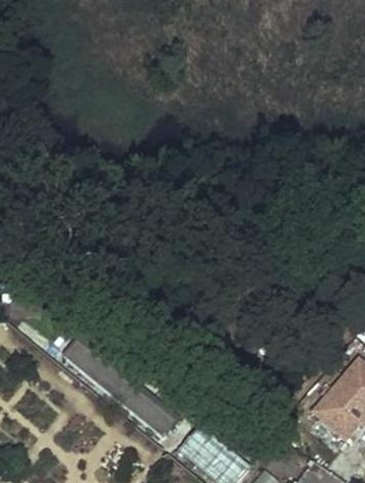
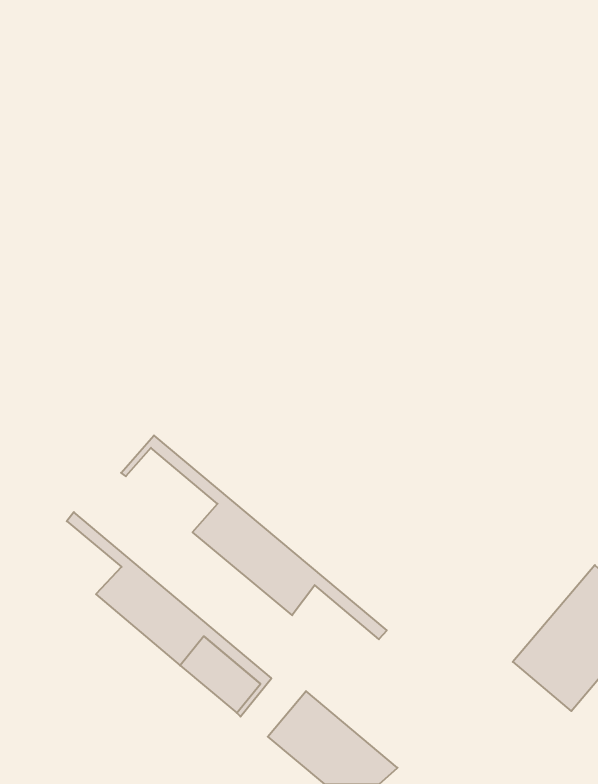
building: none -> [121,435,387,639]
building: [53,330,97,371] -> none

